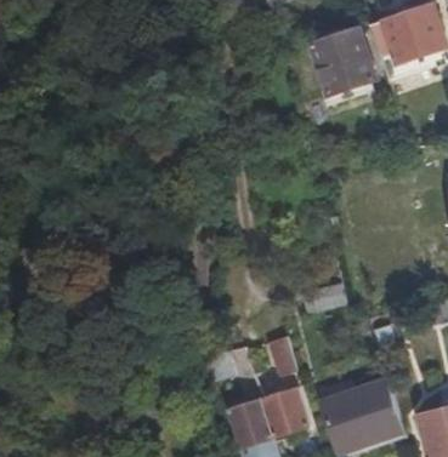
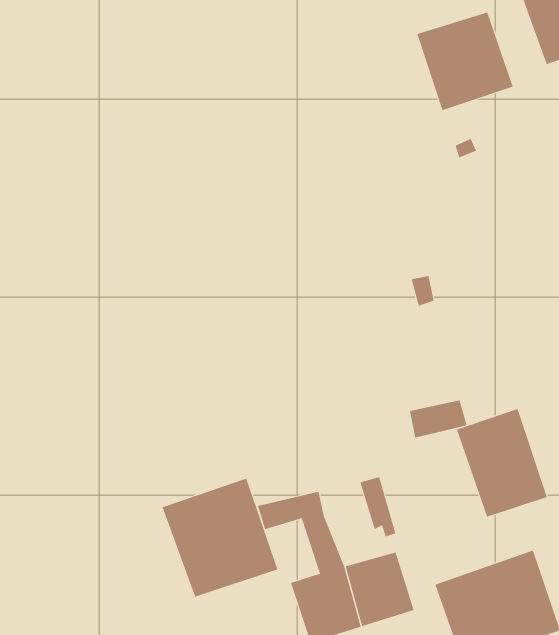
building: none -> [456,408,547,518]
building: none -> [162,478,278,597]

